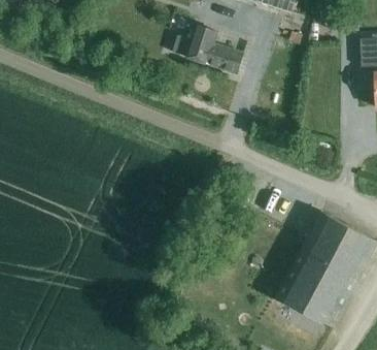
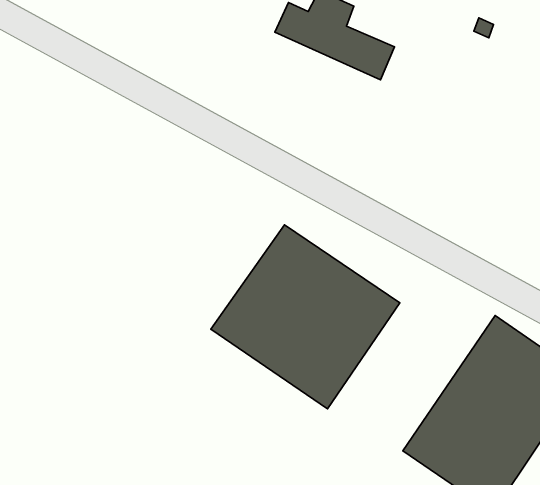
building: none -> [211,225,400,409]

